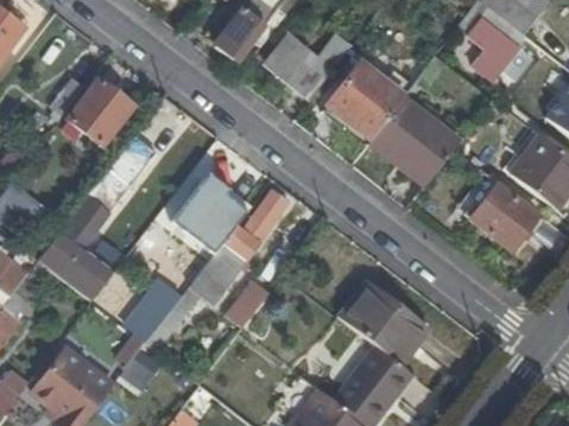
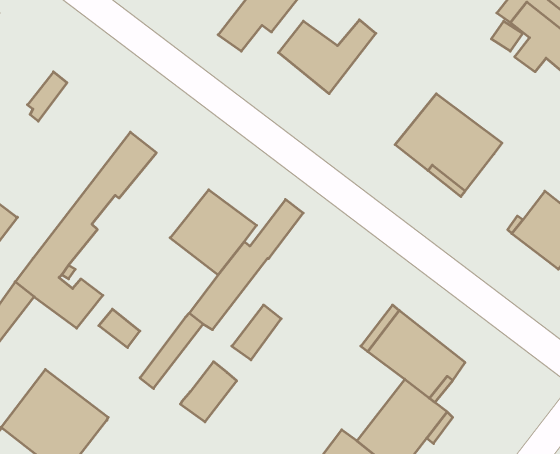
building: [321,61,404,145] -> none
building: [67,76,135,145] -> none
building: [119,342,167,394] -> [180,362,237,422]

